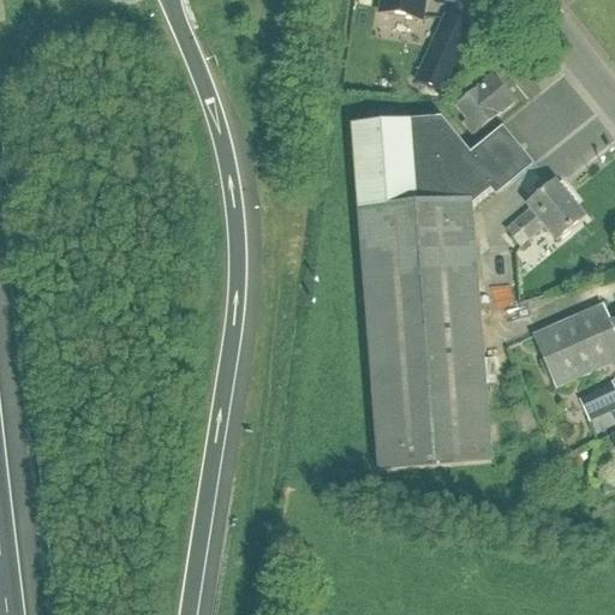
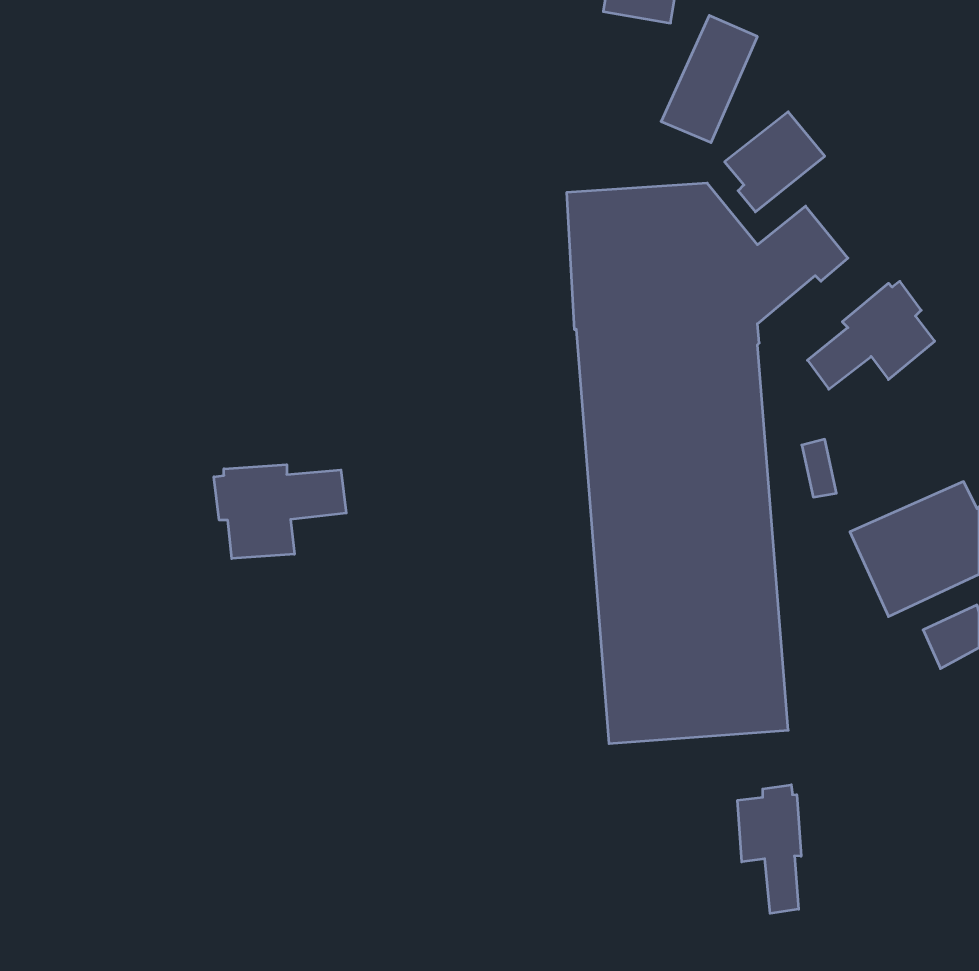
building: none -> [214,465,346,559]
building: none -> [738,785,801,913]

